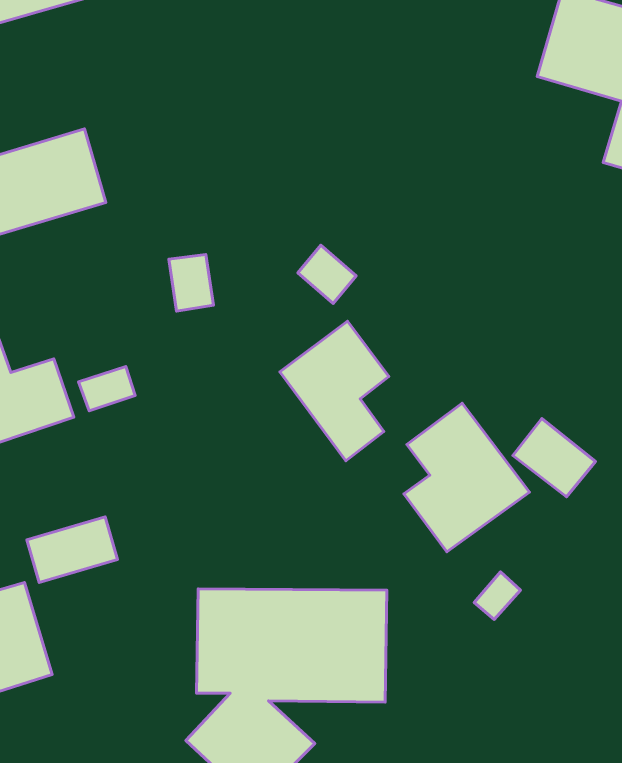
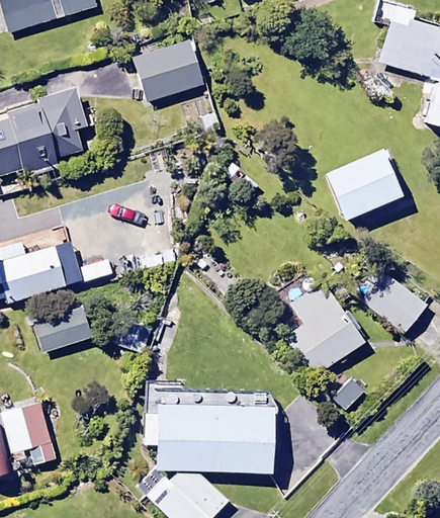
building: none -> [131,39,205,106]
building: none -> [324,150,402,223]
building: [280,321,389,461] -> none
building: [27,517,117,583] -> [32,313,92,356]

